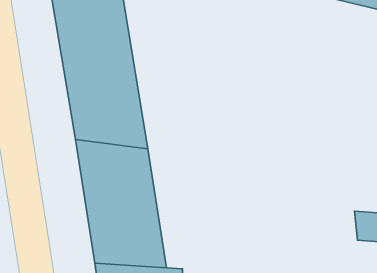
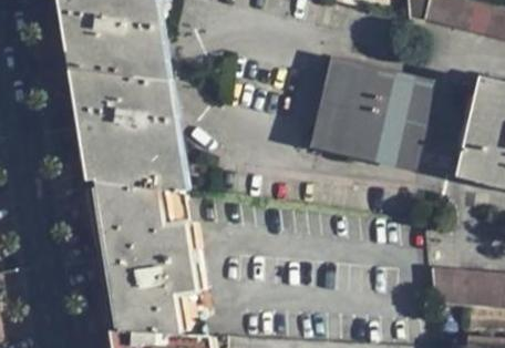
building: none -> [313,63,433,164]

